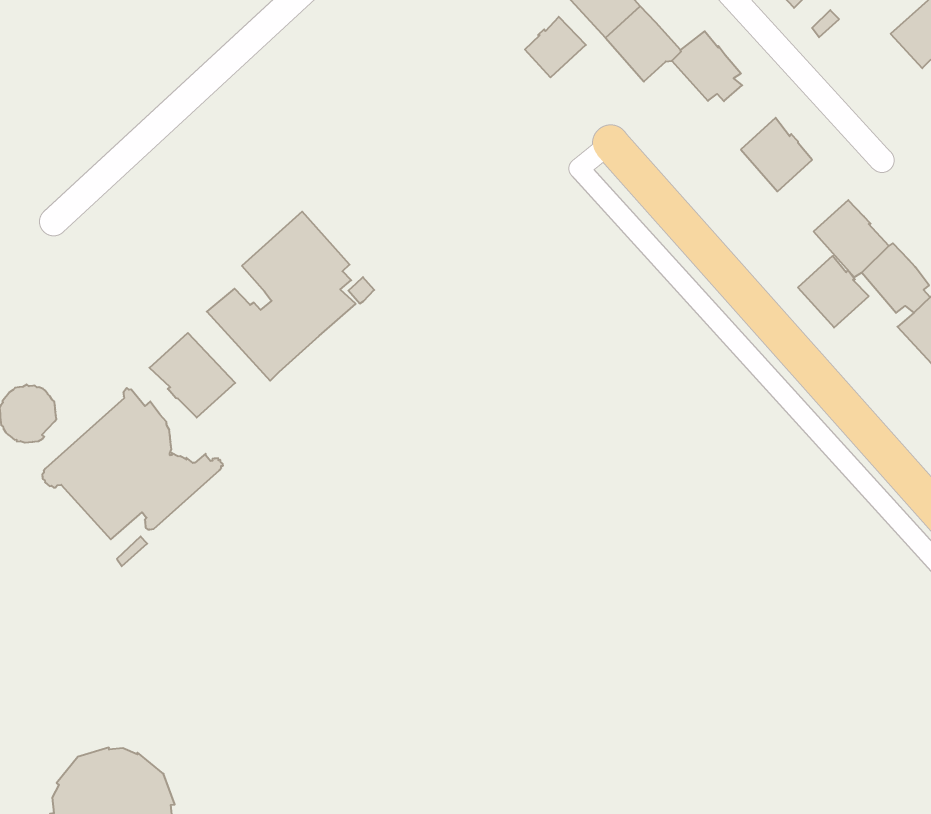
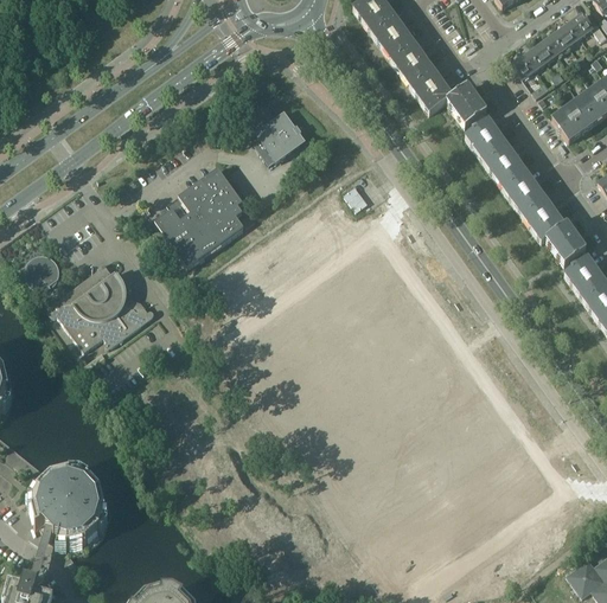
building: [525,17,586,77] -> none
building: none -> [554,98,596,141]
building: none -> [467,118,506,158]
building: none -> [256,110,307,162]
building: [798,256,869,328] -> [503,168,544,211]
building: [149,333,235,418] -> none

